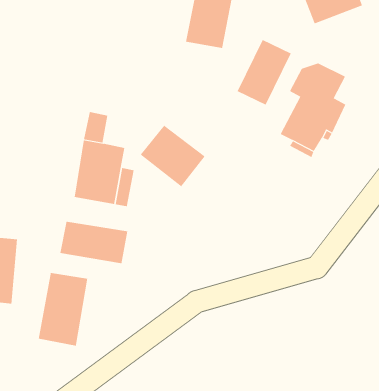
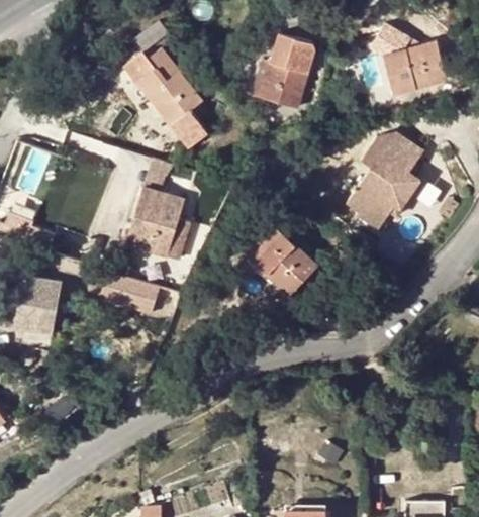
building: none -> [129,47,204,146]
building: [237,39,292,105] -> none
building: [140,125,205,187] -> [250,228,317,295]
building: [38,272,88,347] -> none

